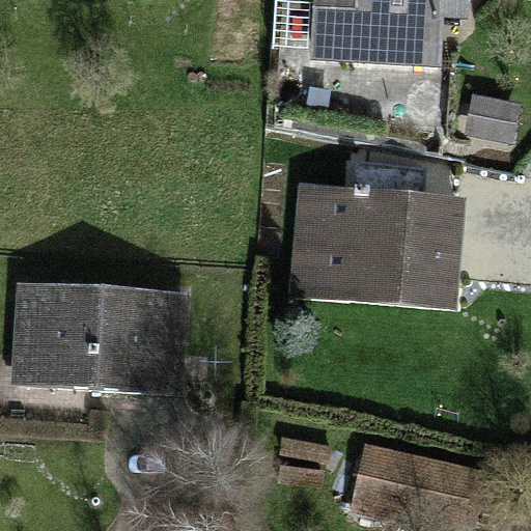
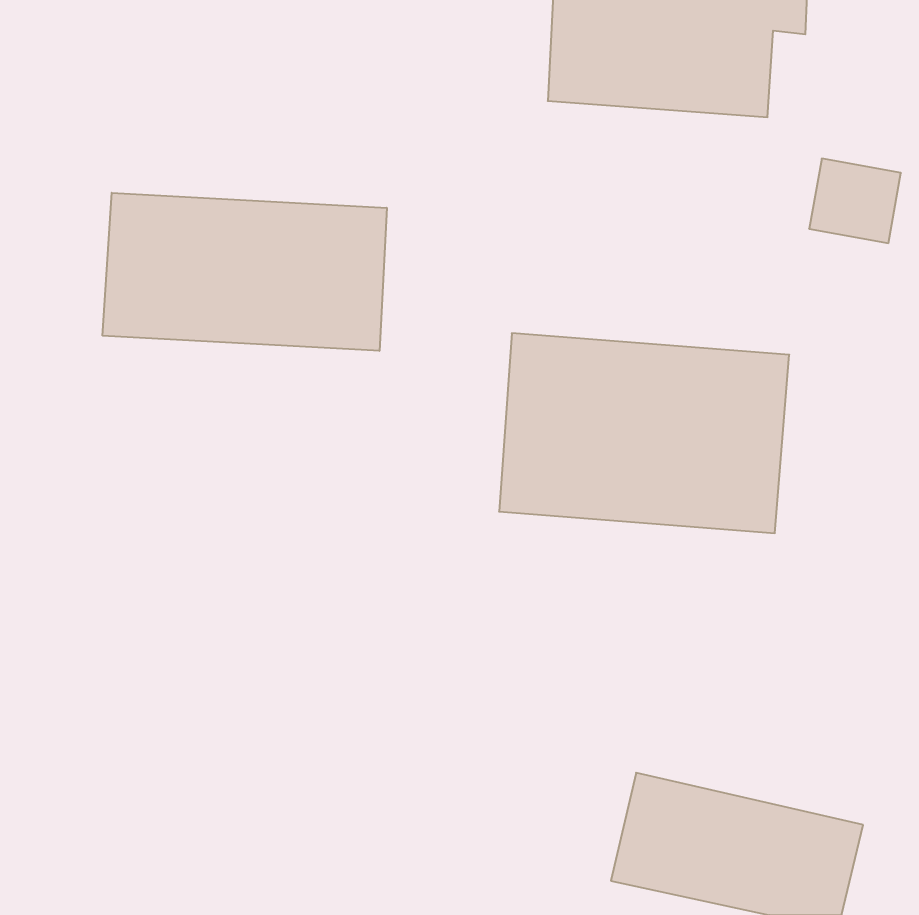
building: none -> [103,193,387,351]
building: [9,284,185,390] -> none

